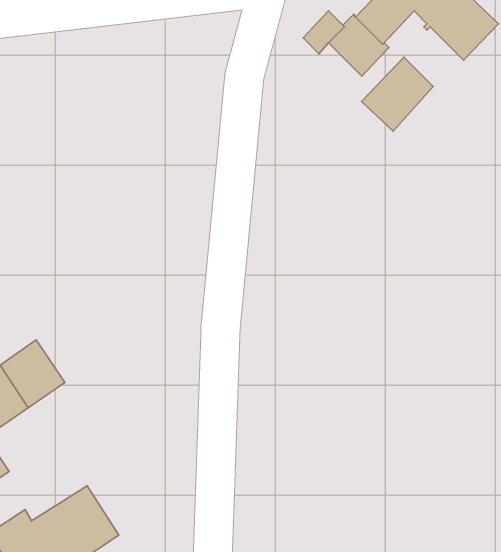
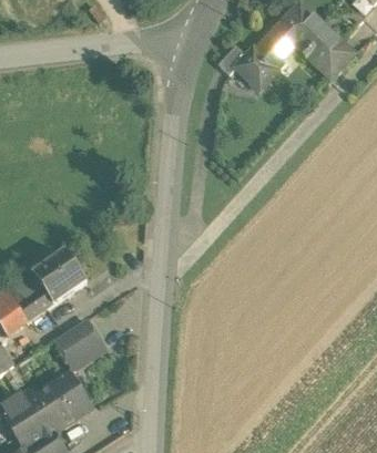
building: [362,57,433,131] -> none
building: none -> [31,250,85,303]
building: none -> [53,318,103,367]

